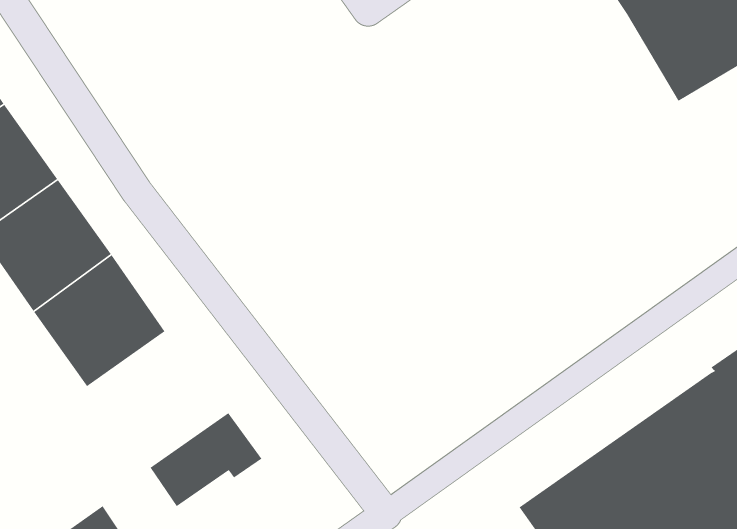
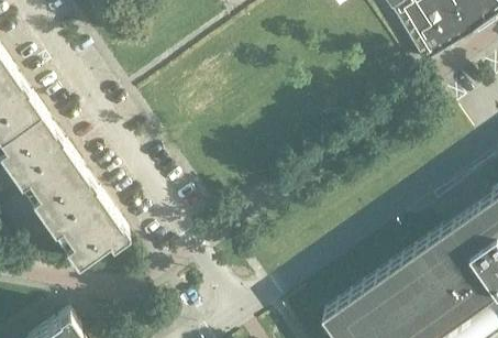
building: [150,412,263,507] -> [59,208,129,266]

